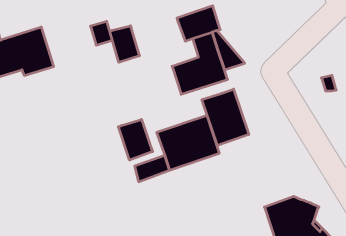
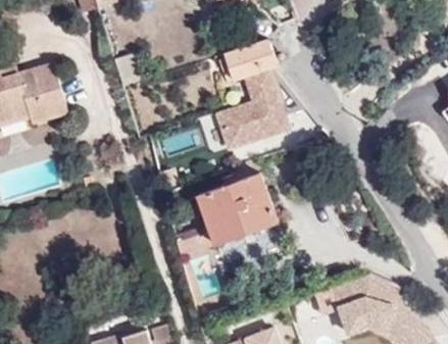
building: [110,26,139,62] -> none
building: [202,89,249,146] -> none
building: [118,119,153,160] -> none

